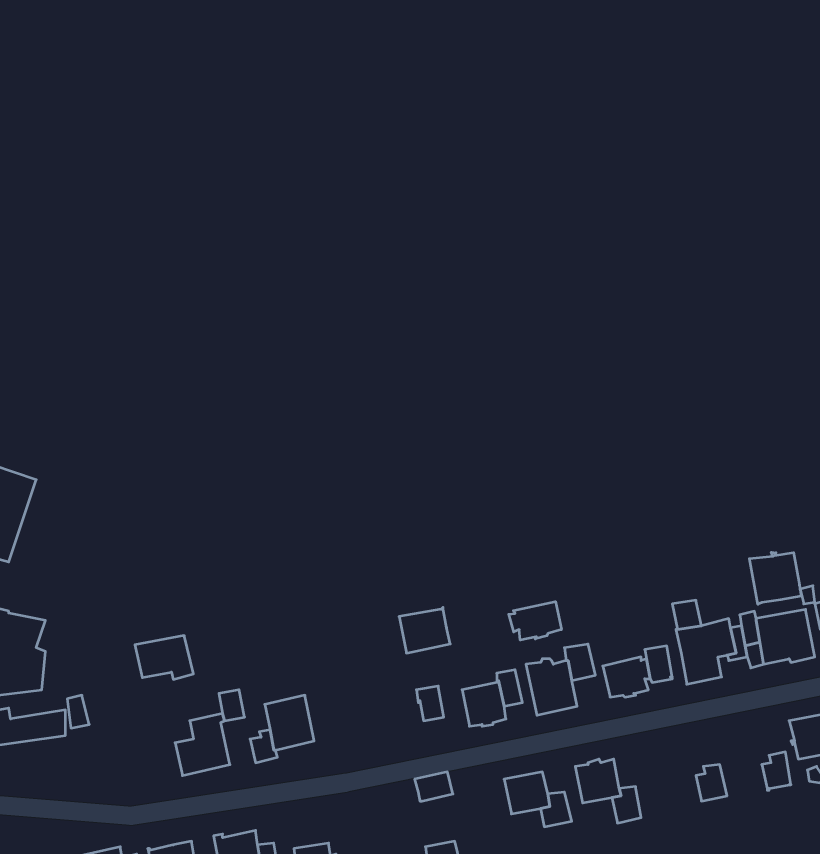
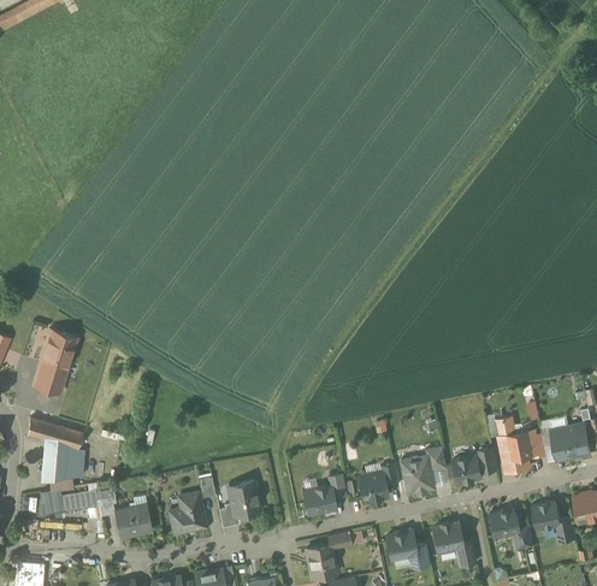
building: [749,552,801,604] -> none
building: [509,602,561,640] -> none
building: [399,607,450,653] -> [302,484,336,514]
building: [135,636,193,679] -> [114,504,153,533]
building: none -> [532,501,562,529]
building: none -> [490,509,519,537]
building: none -> [307,544,337,578]

